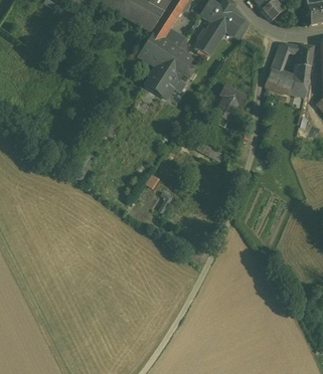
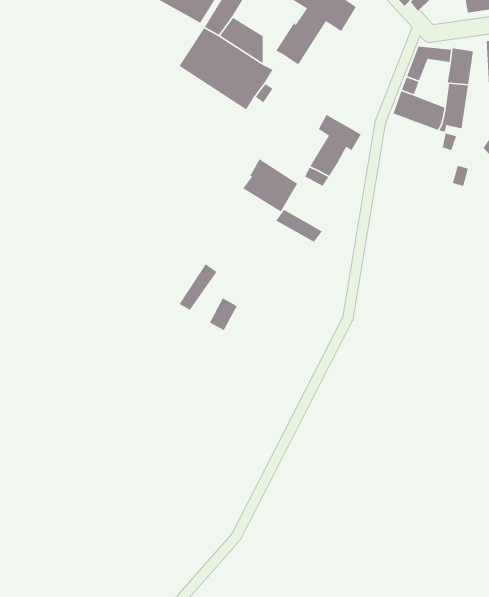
building: [145,66,178,99] -> [242,158,298,212]

